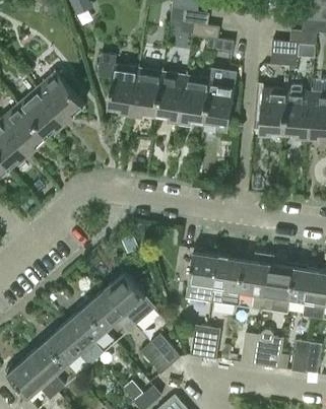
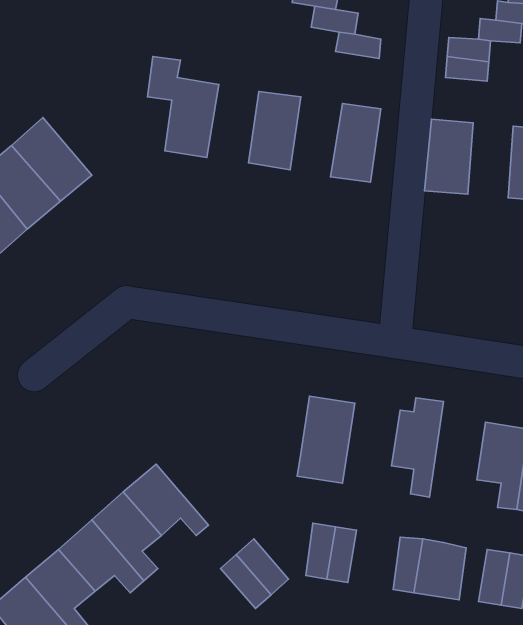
building: [132,70,162,116] -> none
building: [37,73,83,123] -> none
building: [181,77,211,124] -> none
building: [284,92,311,136] -> none
building: [262,255,295,312] -> none
building: [211,256,245,303] -> none
building: [103,273,145,327] -> none

